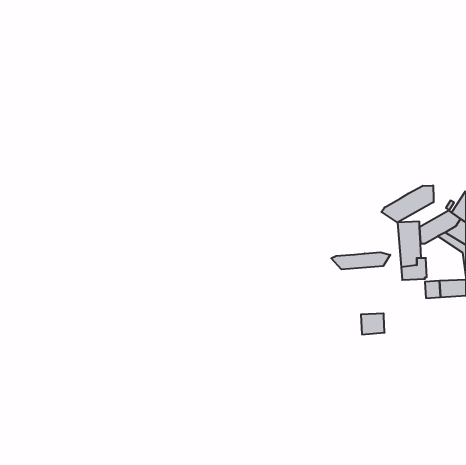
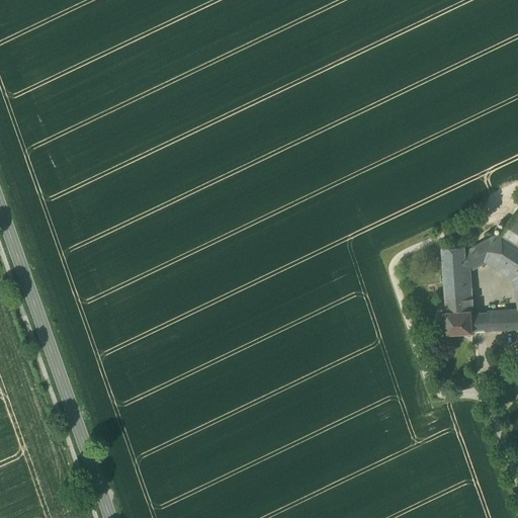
building: [381,185,434,222] -> none
building: [331,252,390,269] -> none
building: [361,313,385,334] -> [446,311,472,334]

